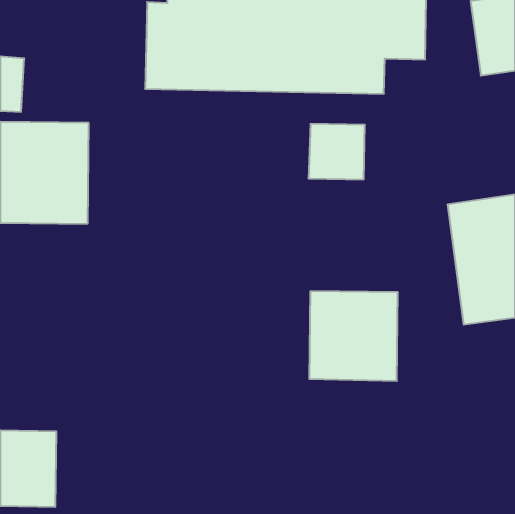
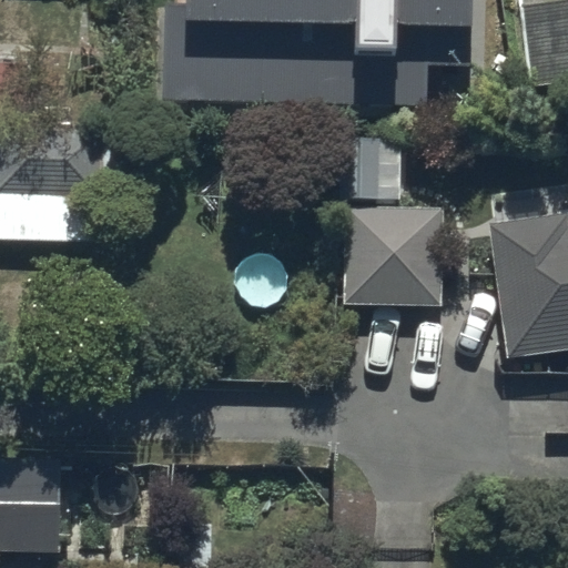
building: [309,291,398,381] -> [346,205,444,304]

